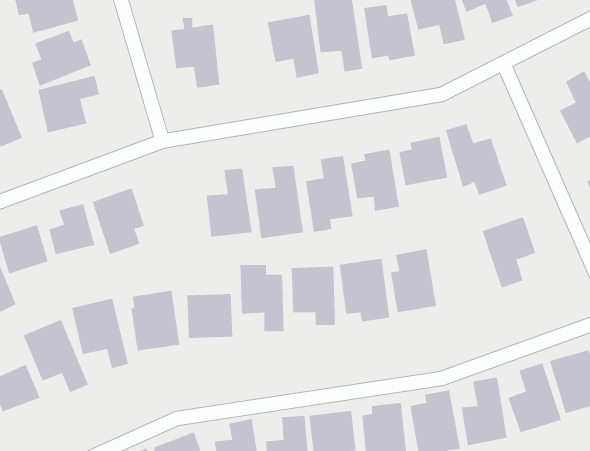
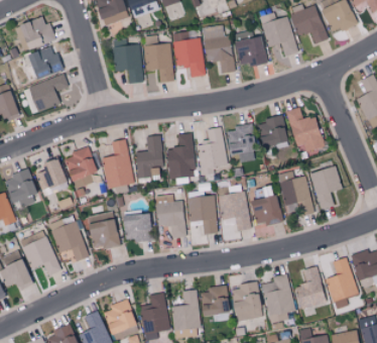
building: none -> [144,36,173,83]
building: none -> [104,139,133,188]
building: none -> [280,177,312,216]

